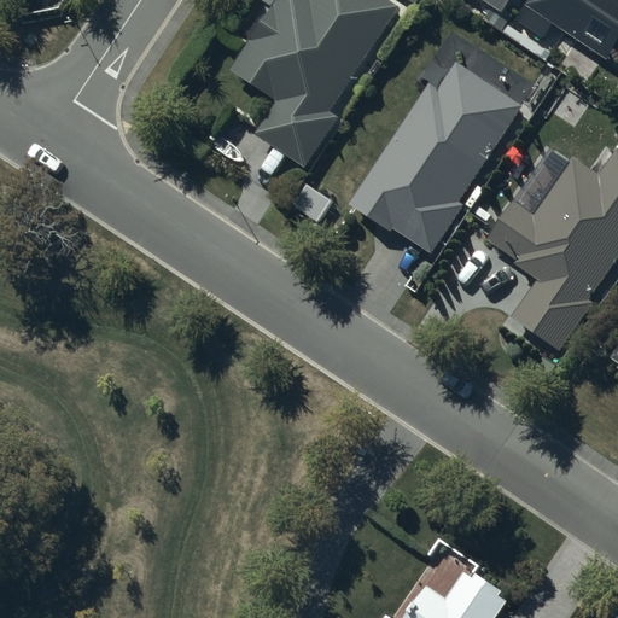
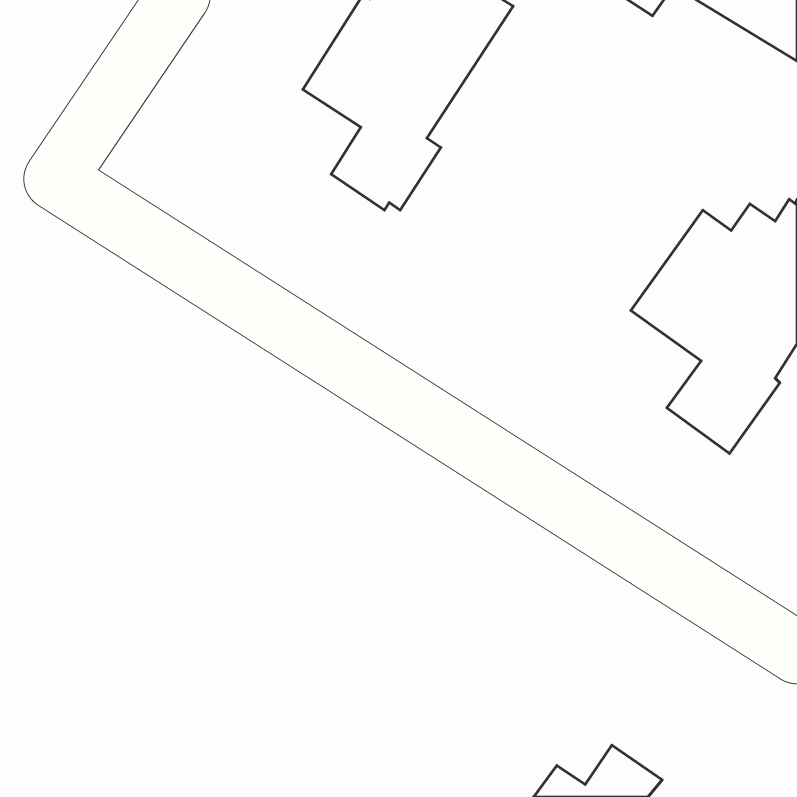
building: [350,64,521,250] -> none

